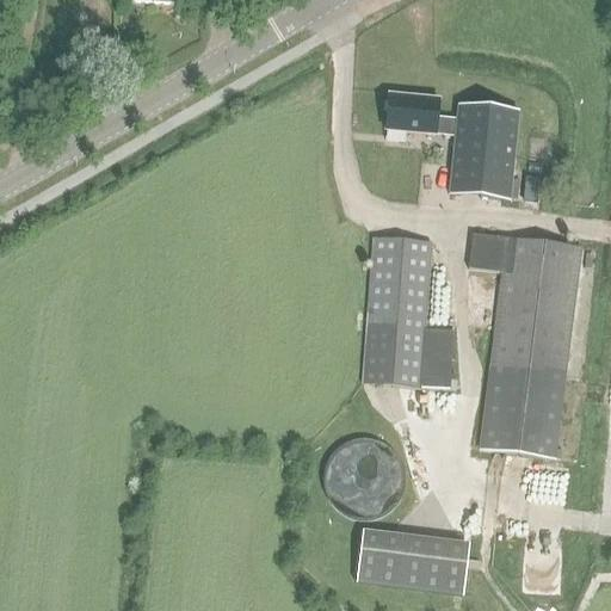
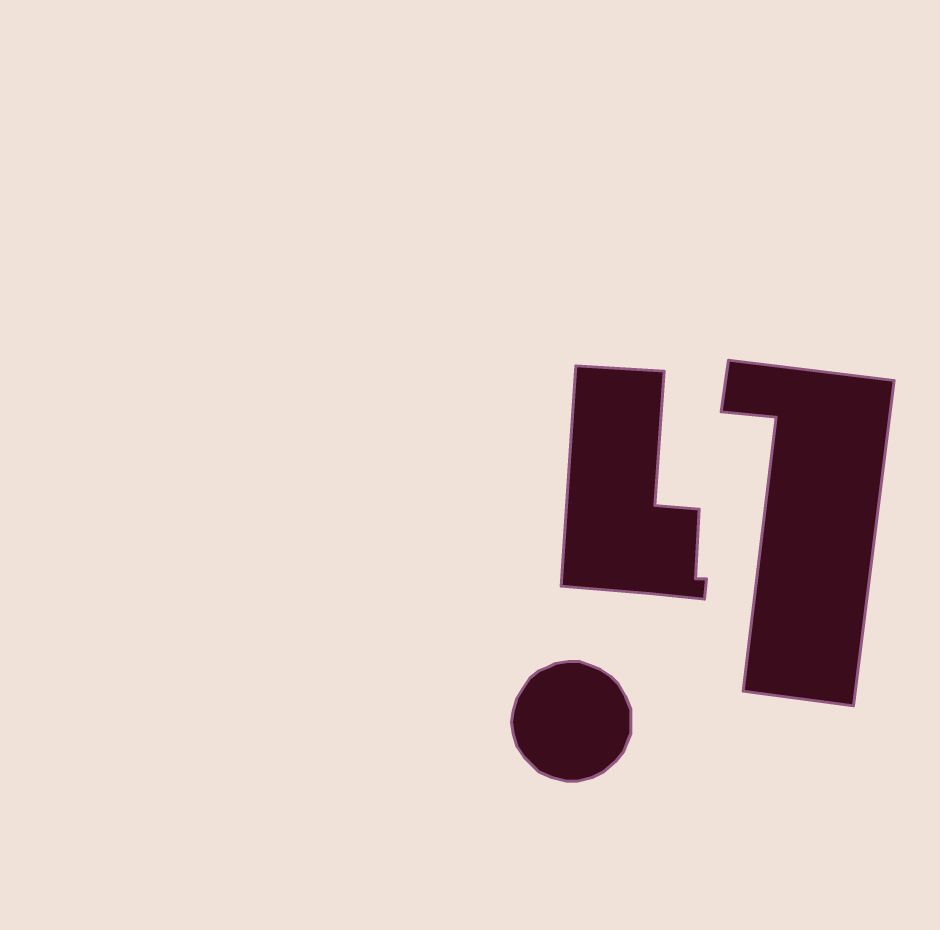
building: [385,92,518,198] -> none
building: [359,526,473,591] -> none

